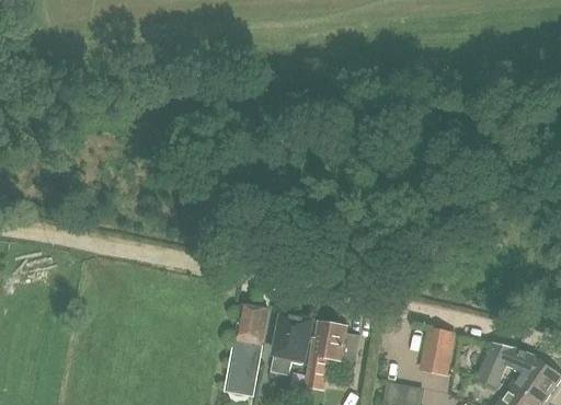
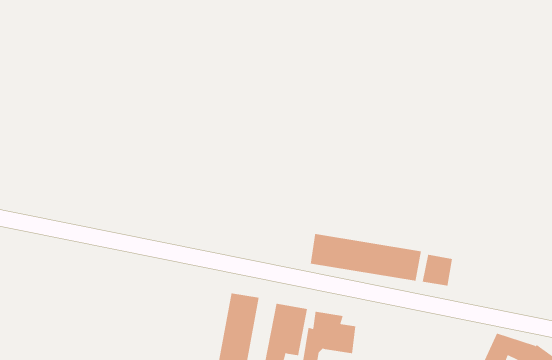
building: none -> [310,233,422,281]
building: [423,328,453,359] -> [422,254,453,286]

